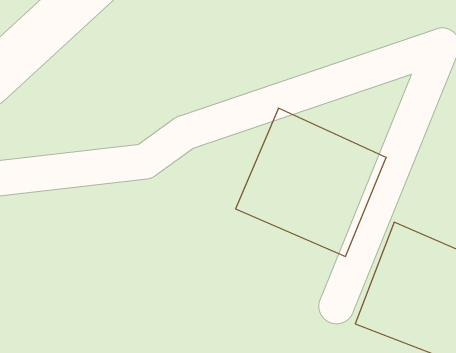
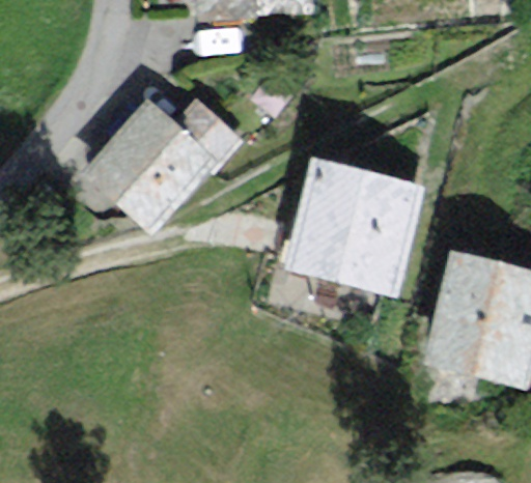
building: none -> [77,87,246,235]

